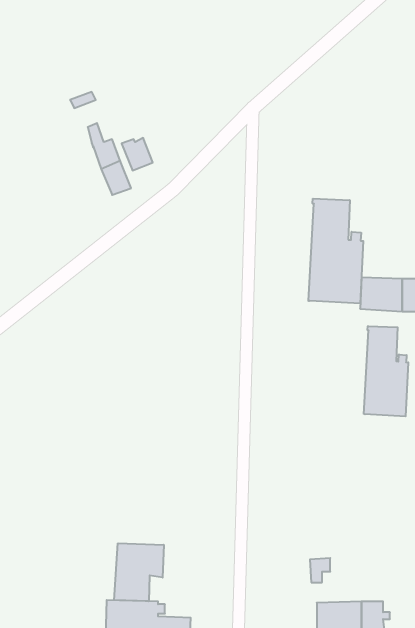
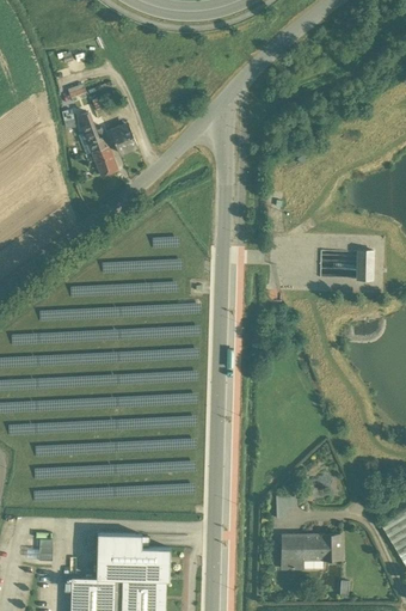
building: [308,199,363,304] -> none
building: [364,326,408,416] -> none
building: [114,543,164,601] -> none

